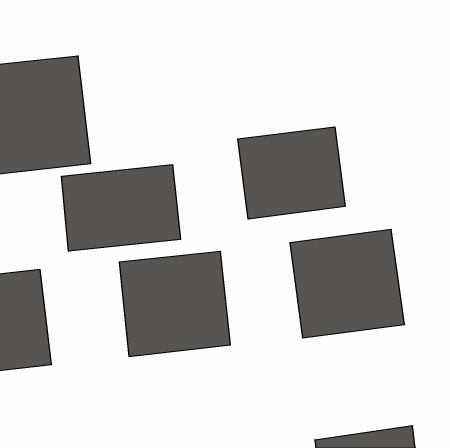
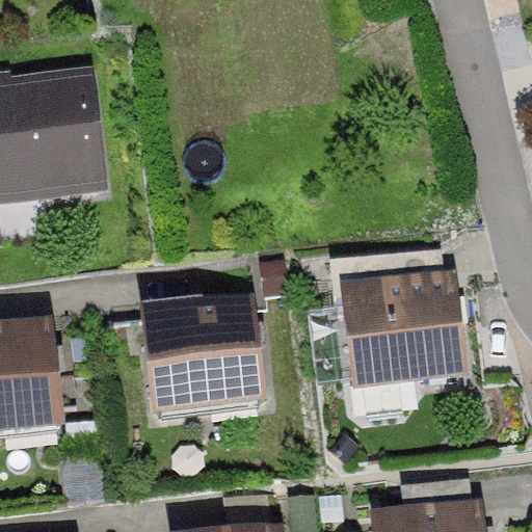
building: [238,127,345,219] -> none
building: [62,165,180,251] -> none

